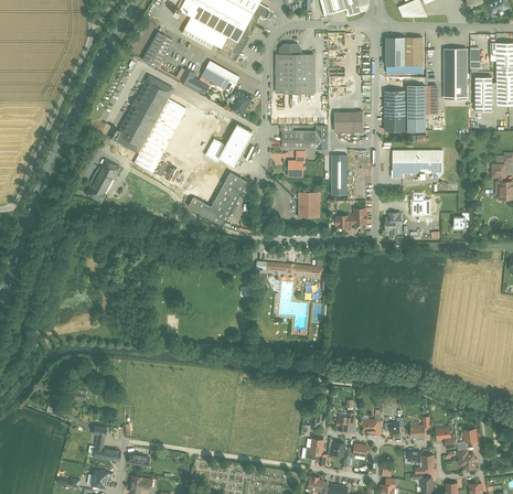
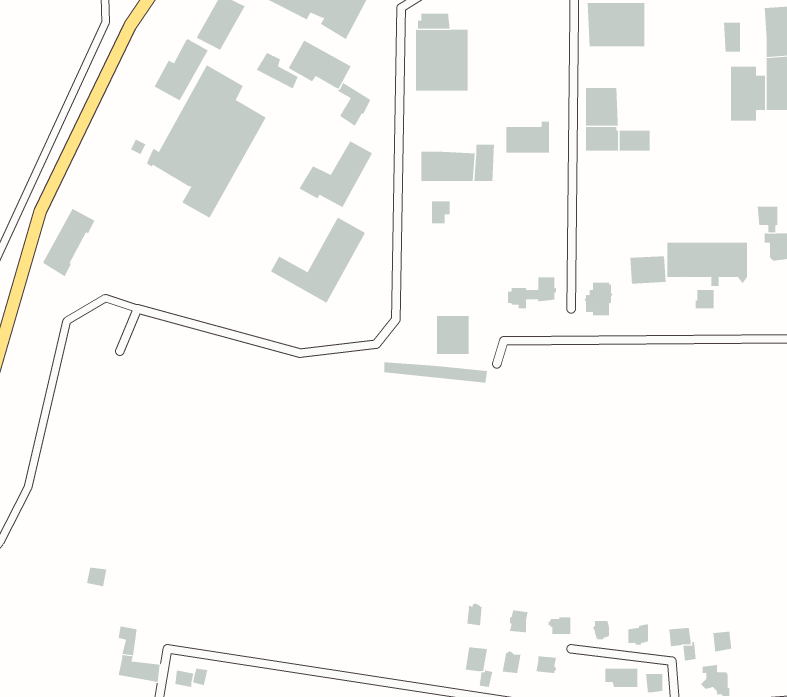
building: [443,47,467,97] -> none
building: none -> [154,38,208,101]
building: [404,86,425,117] -> none
building: [392,150,442,178] -> [666,242,748,286]
building: [331,154,346,194] -> none
building: [85,159,118,202] -> [42,208,95,277]
building: [298,192,319,216] -> [436,316,470,355]

